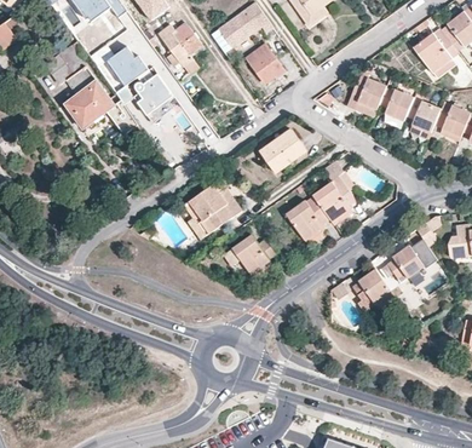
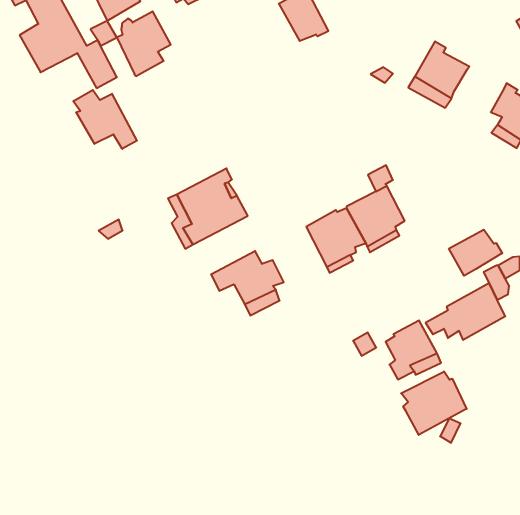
building: [378,86,413,119] -> none
building: [259,131,306,174] -> none
building: none -> [73,90,137,149]
building: none -> [449,230,502,276]
building: none -> [401,371,467,435]

